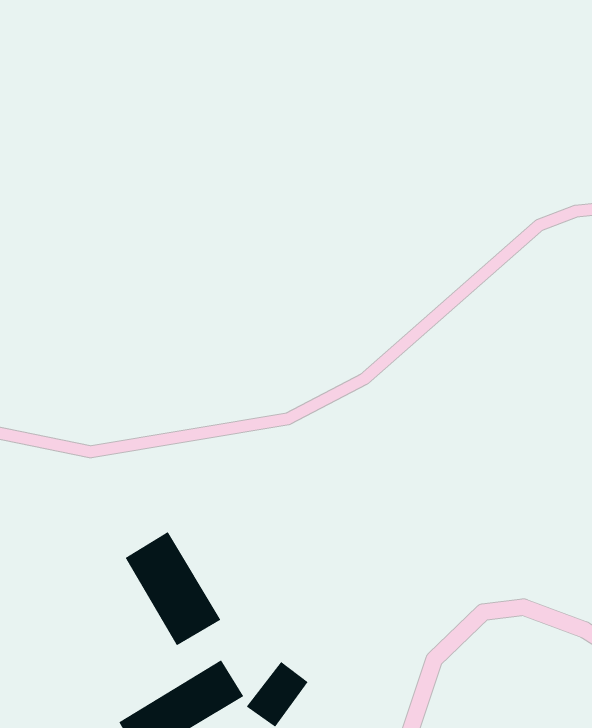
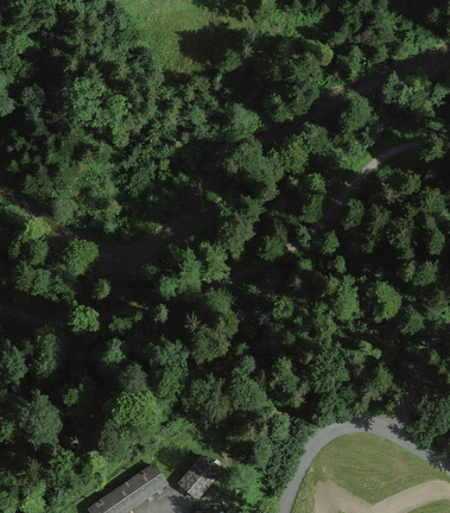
building: [125,531,221,646] -> none

